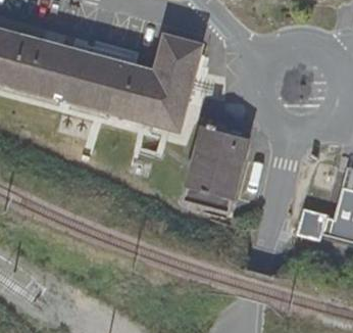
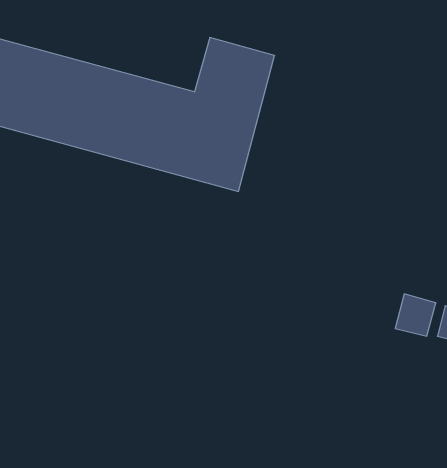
building: [181,124,252,201] -> none

